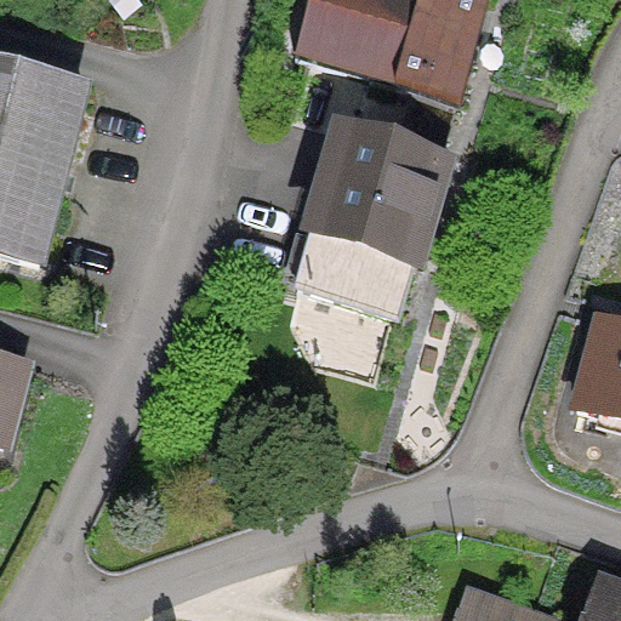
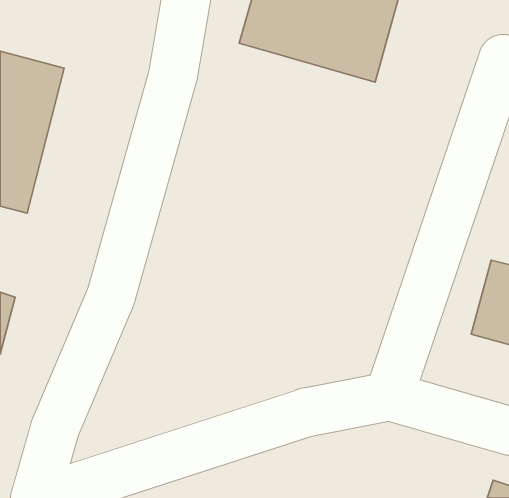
building: [294,127,440,317] -> none

